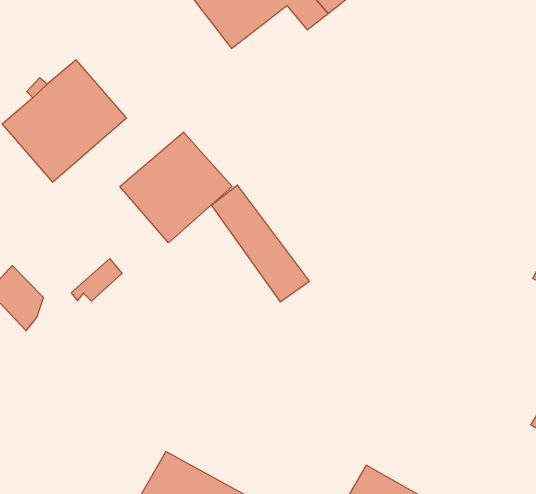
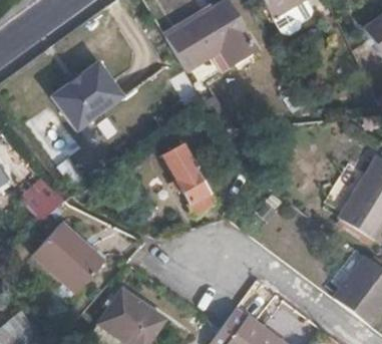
building: [120,132,232,243] -> none
building: none -> [35,229,103,298]

